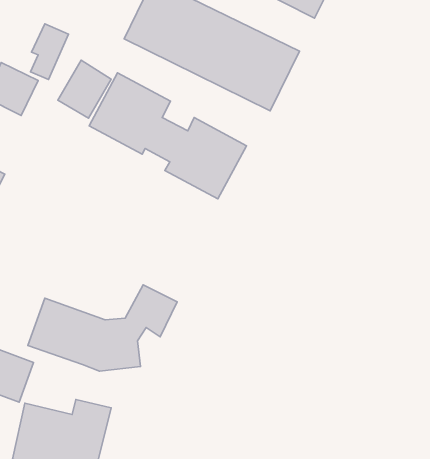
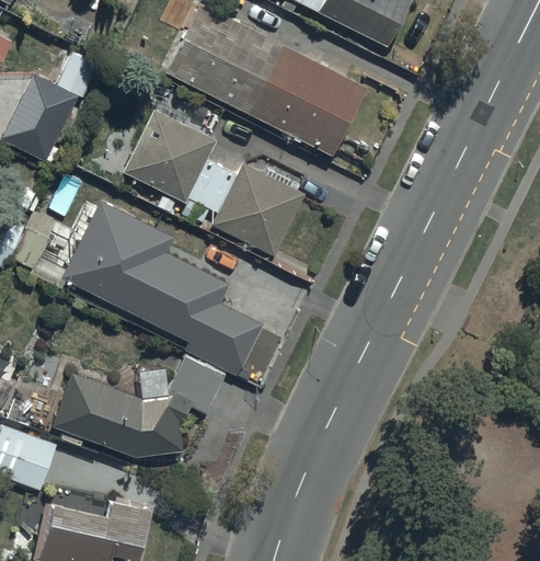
building: [58,60,111,118] -> none
building: none -> [35,204,282,386]

